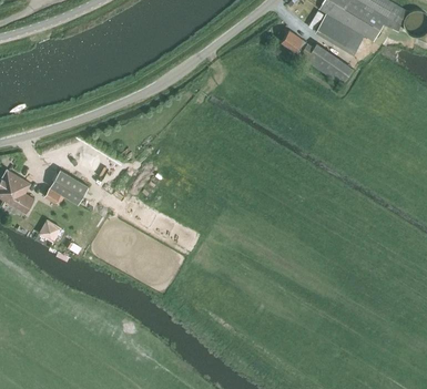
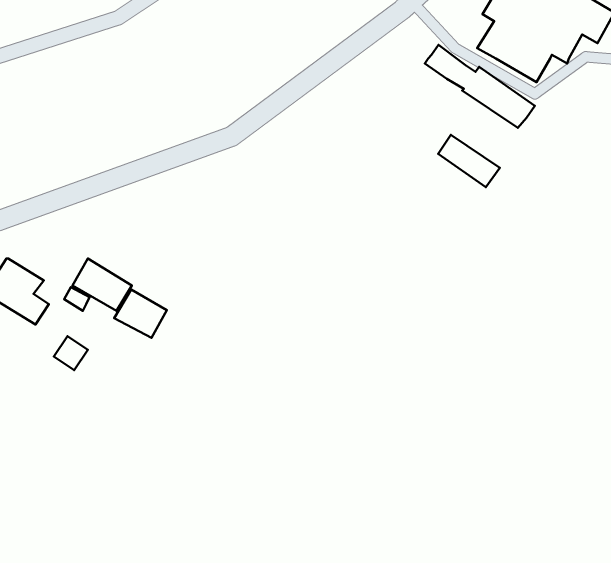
building: none -> [438,135,500,187]
building: none -> [114,290,167,338]

